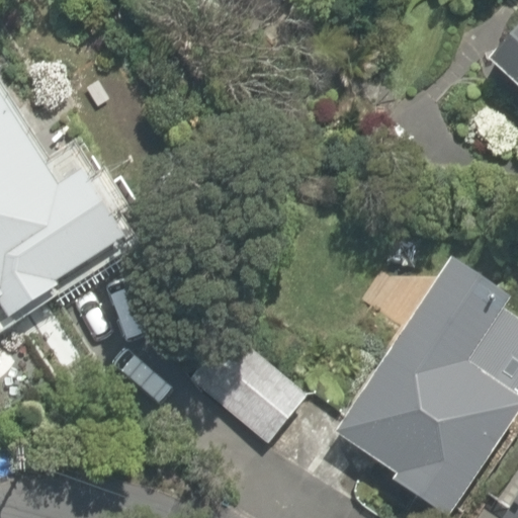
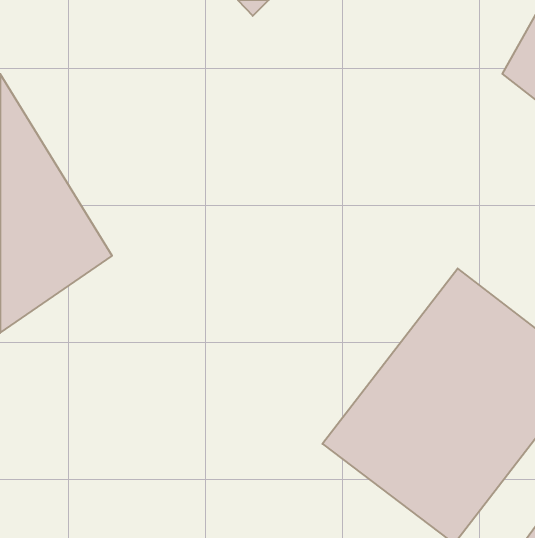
building: [202,338,309,442] -> none

